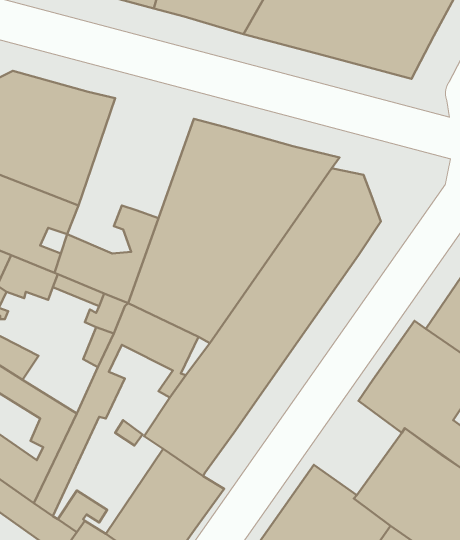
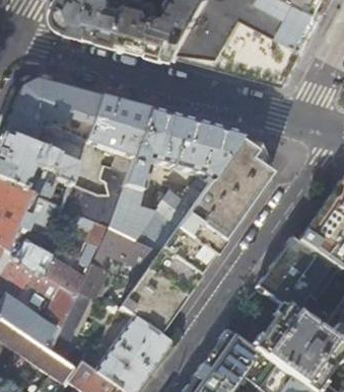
building: none -> [86,95,151,171]
building: none -> [43,256,85,295]

